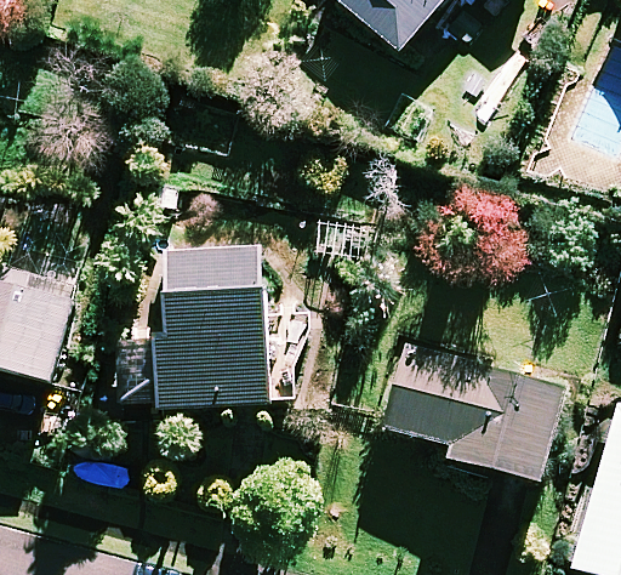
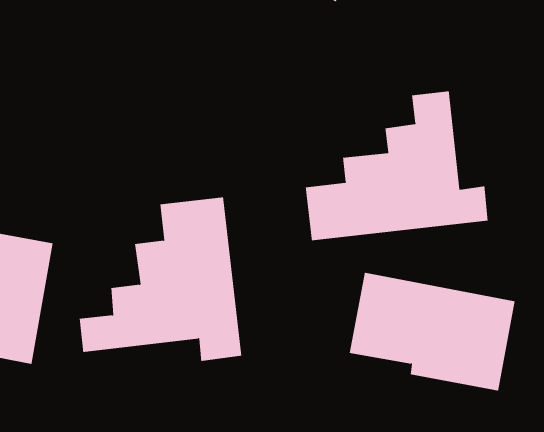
building: none -> [305,90,488,241]

